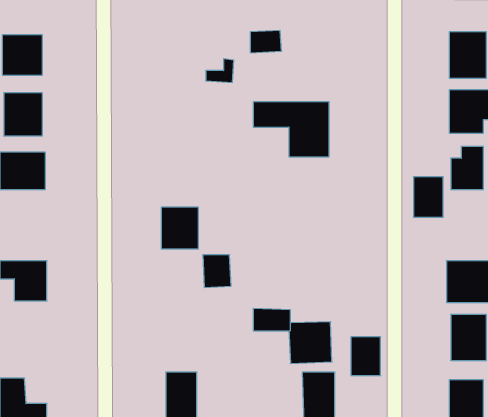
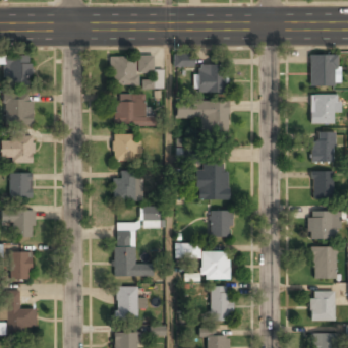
building: none -> [112,56,155,85]
building: none -> [199,65,226,93]
building: none -> [116,94,156,125]
building: none -> [114,134,139,161]
building: [413,177,443,217] -> [313,170,334,197]
building: none -> [196,164,229,200]
building: none -> [11,172,33,196]
building: none -> [116,229,152,276]
building: none -> [11,251,33,279]
building: [351,337,381,376] -> [211,211,231,237]

